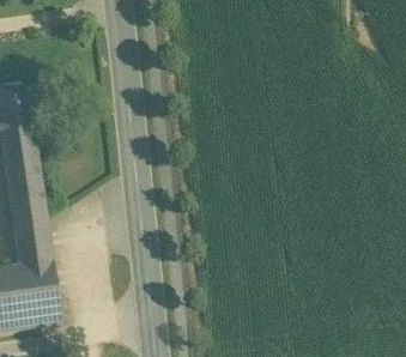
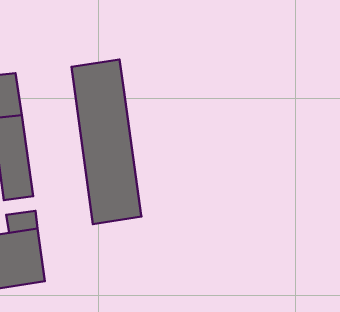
building: none -> [72,60,142,224]

